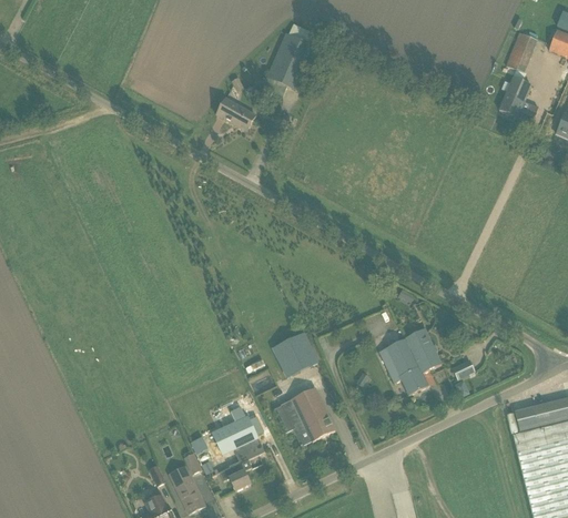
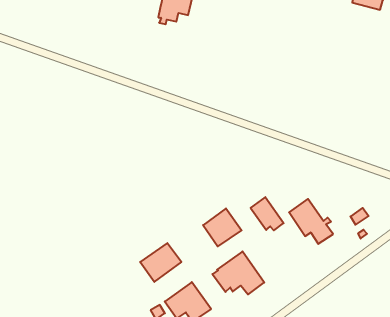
building: [216,97,256,131] -> none
building: [405,327,442,369] -> [251,197,284,230]
building: none -> [140,243,181,282]

